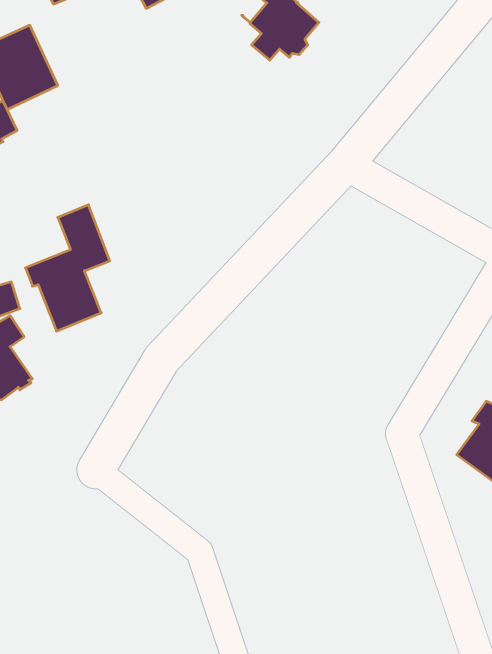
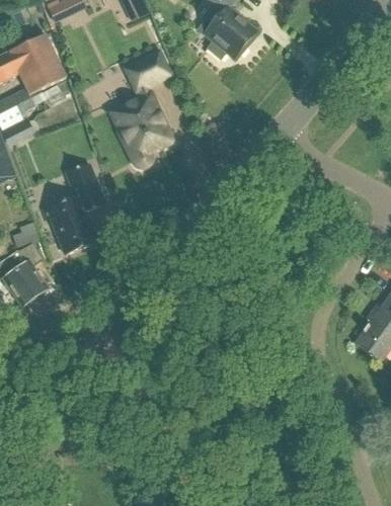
building: none -> [112,51,174,165]

